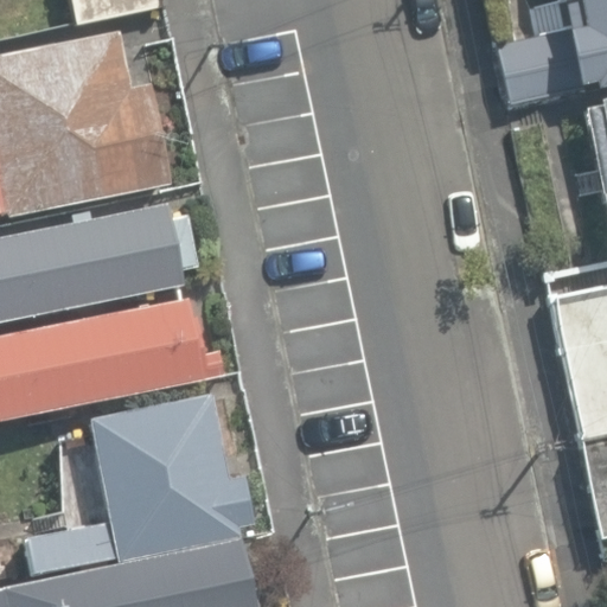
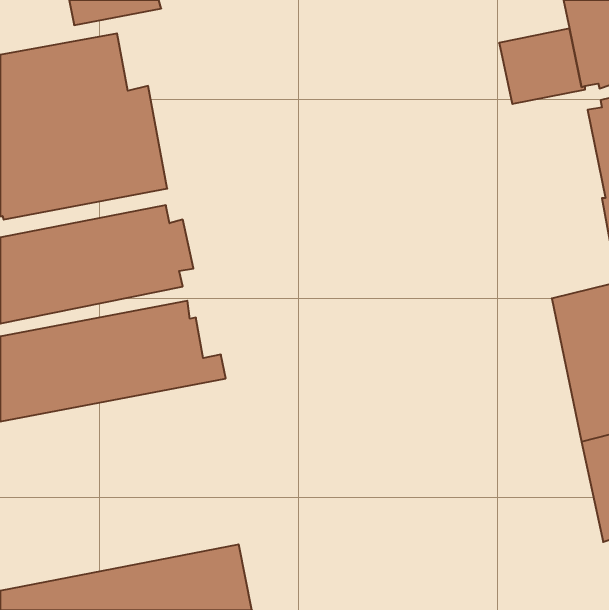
building: [24,394,251,574] -> none

